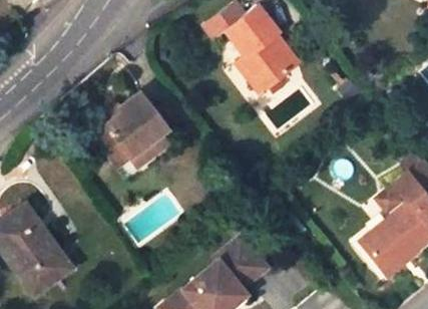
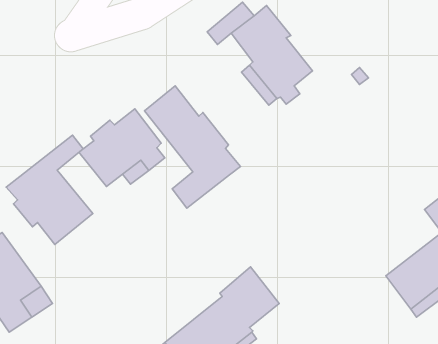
building: none -> [145,86,240,208]
building: none -> [6,135,93,244]

